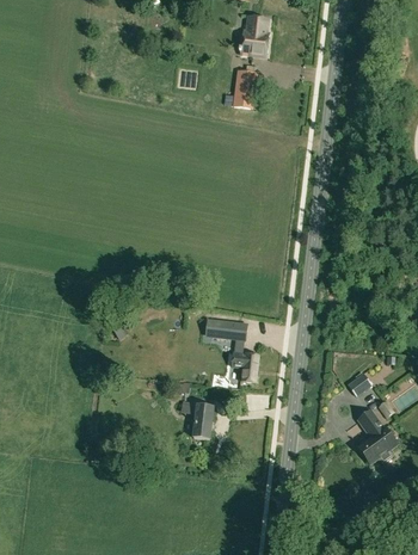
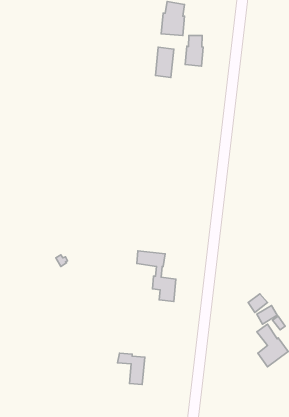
building: none -> [185,36,203,66]
building: [179,400,213,438] -> [118,353,145,384]

